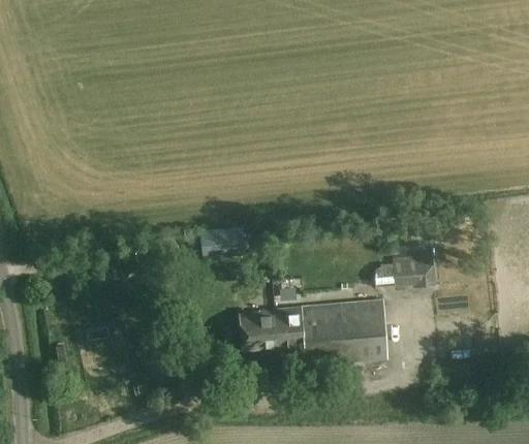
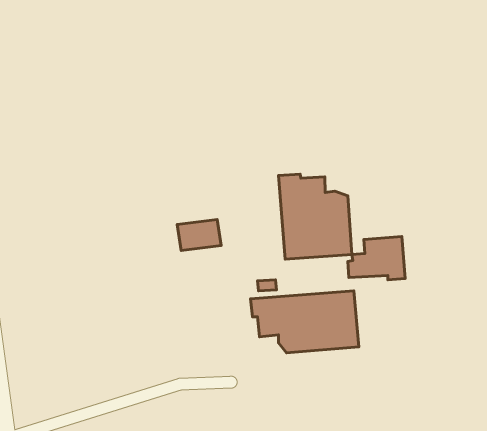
building: none -> [279,174,352,259]
building: [240,308,284,350] -> none

